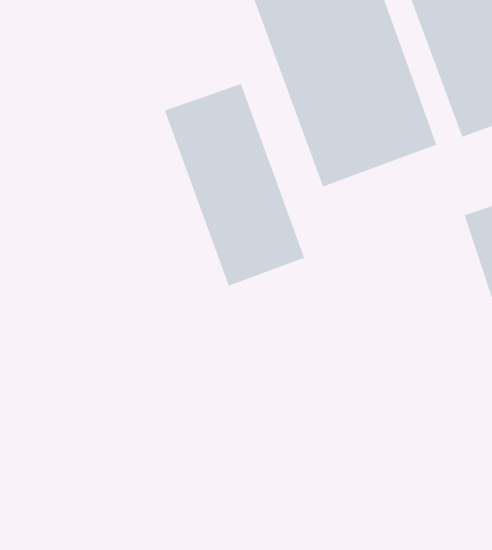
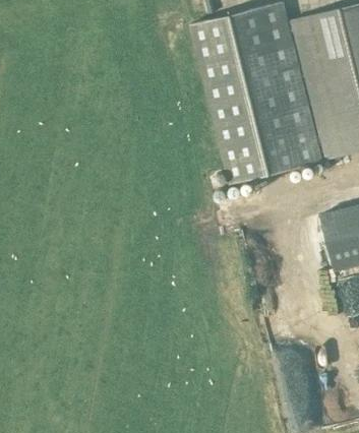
building: [164,83,305,286] -> none

